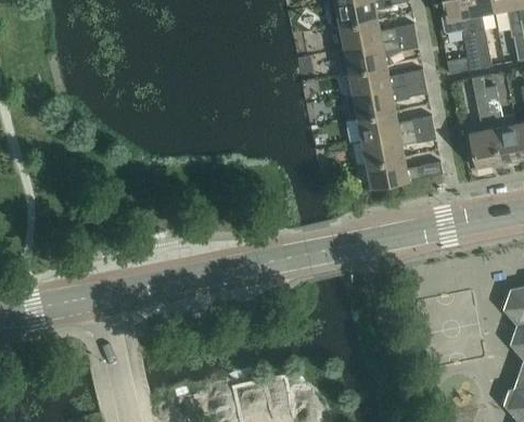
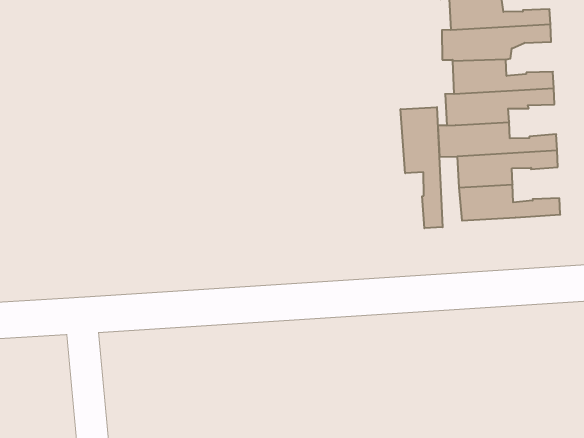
building: none -> [401,107,443,228]

